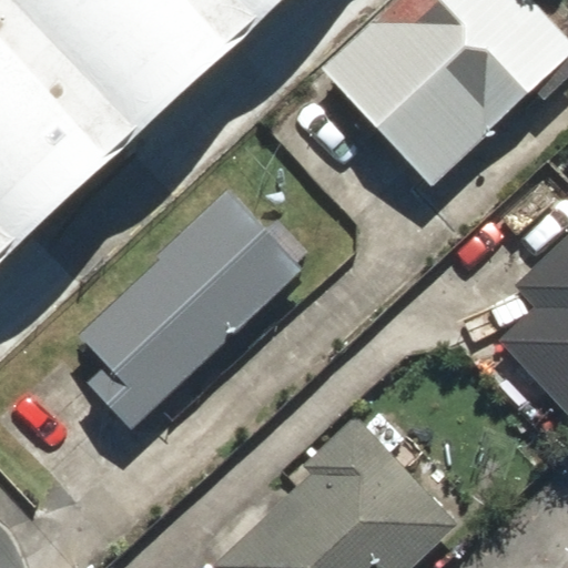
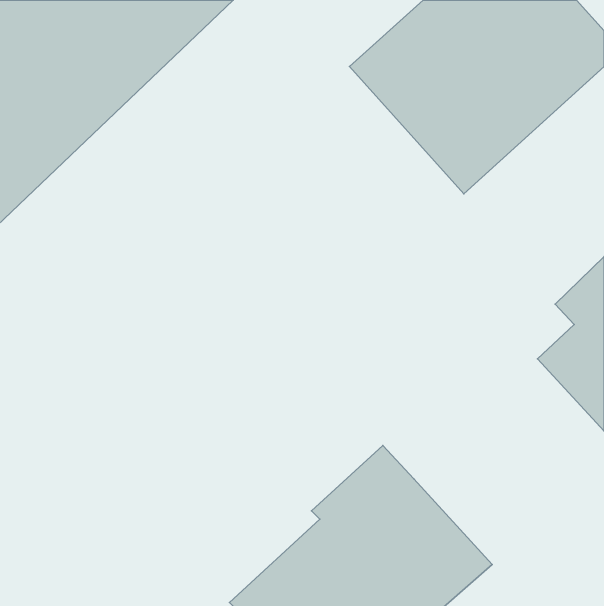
building: [79,192,304,429] -> none

